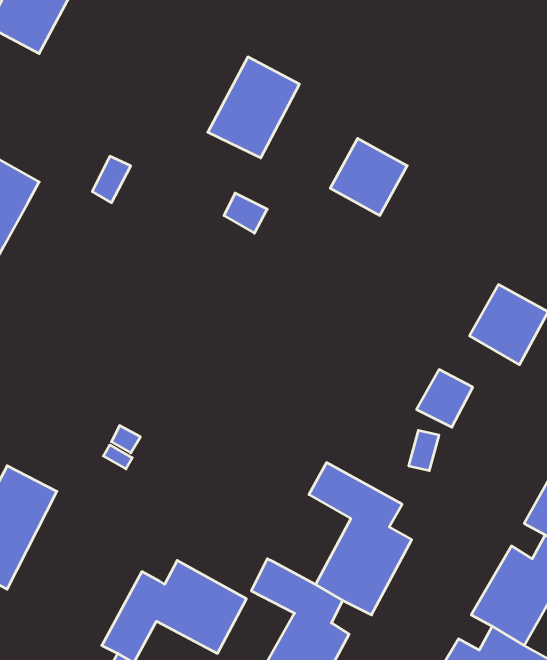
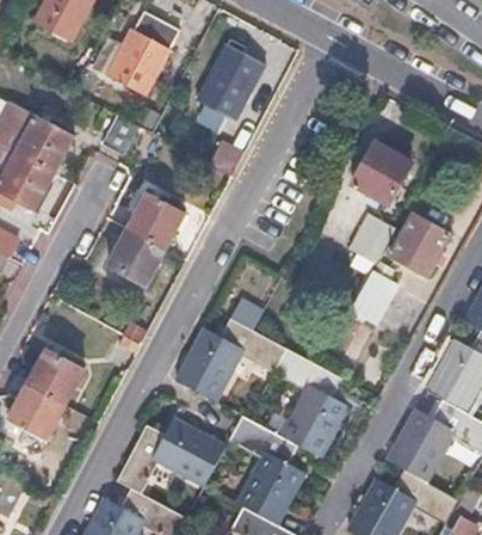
building: none -> [105,11,174,93]
building: [330,138,407,215] -> [356,141,413,198]
building: none -> [112,196,183,285]
building: none -> [351,211,396,262]
building: none -> [172,300,284,402]

